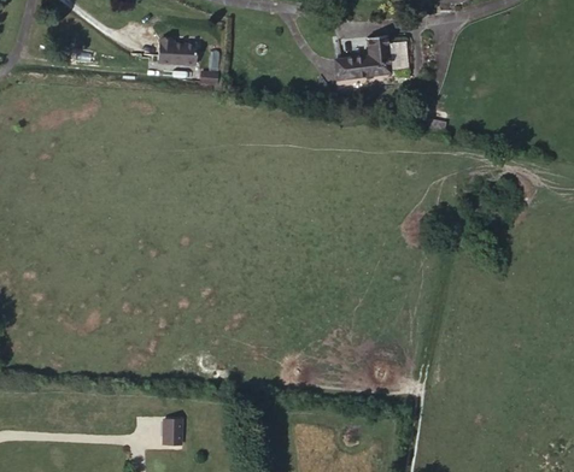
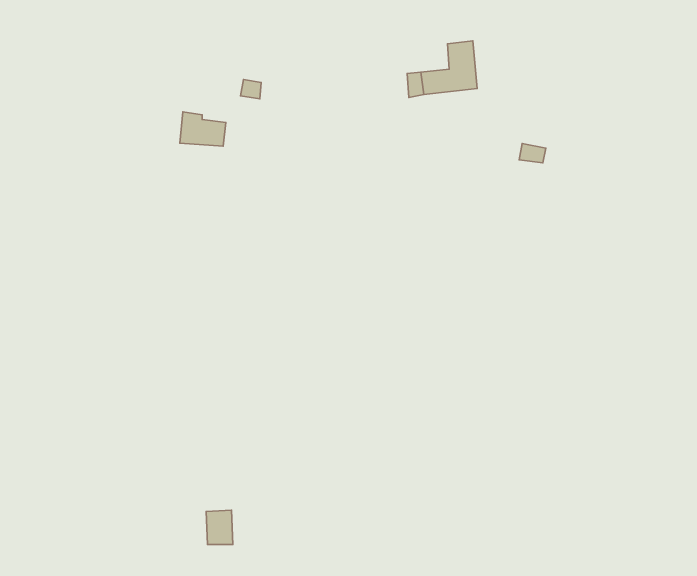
building: [154,31,192,59] -> [180,112,226,146]

